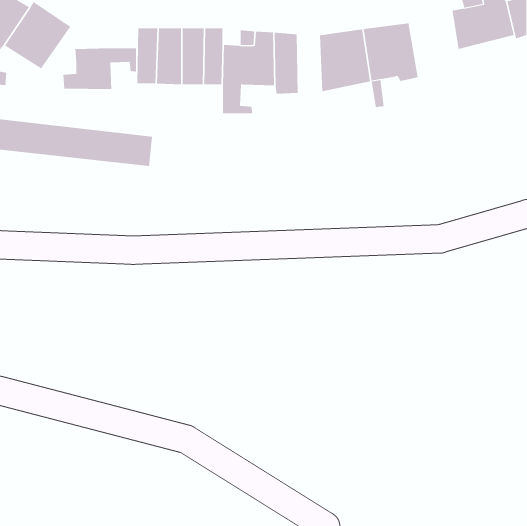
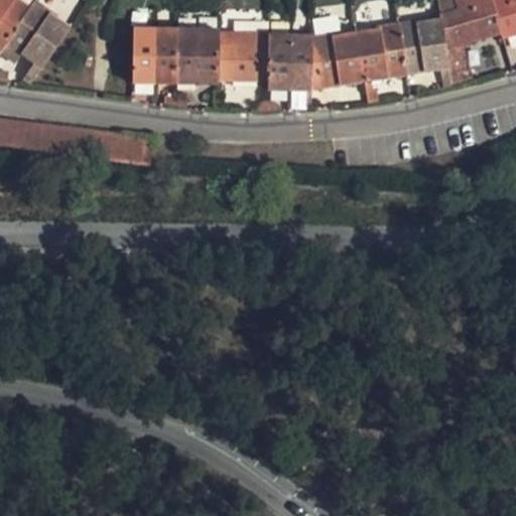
building: none -> [399,15,452,94]
building: none -> [290,33,313,91]
building: [63,48,137,90] -> none

